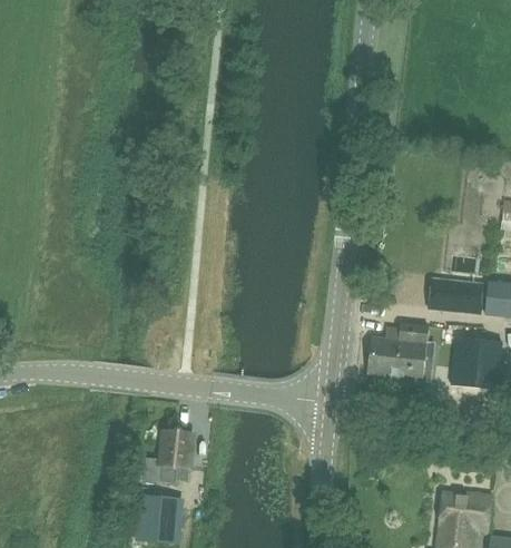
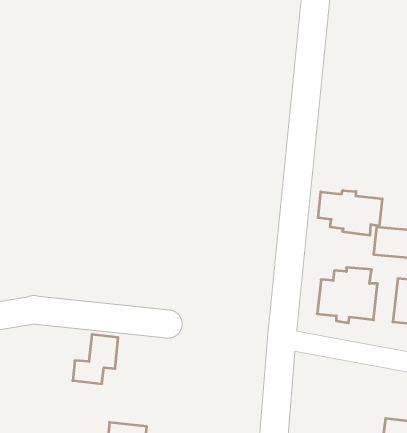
building: none -> [318,190,382,235]
building: [141,430,191,485] -> [73,334,118,384]

